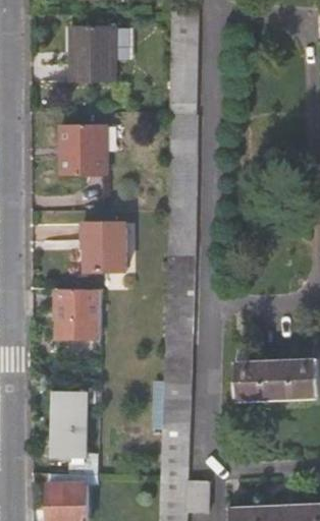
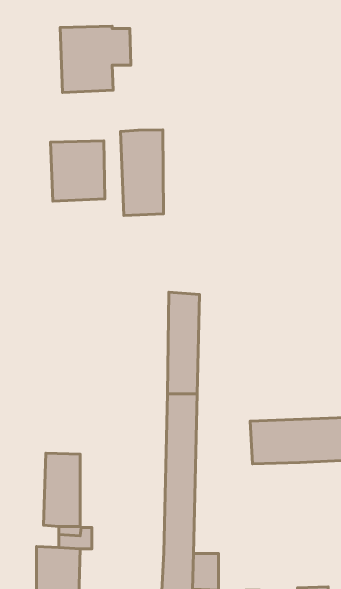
building: none -> [120,130,163,215]
building: [82,225,126,274] -> none
building: [61,289,103,339] -> none

